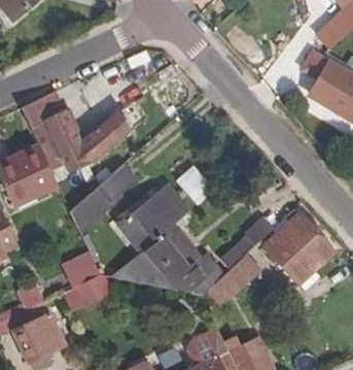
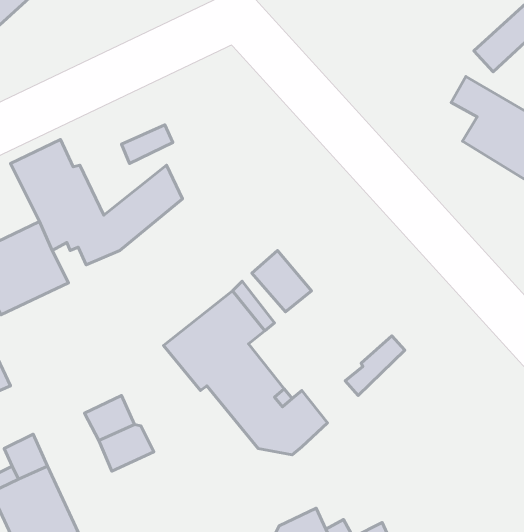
building: [70,165,135,234] -> none
building: [264,214,332,283] -> none
building: [112,250,179,291] -> none
building: [207,255,259,304] -> none

